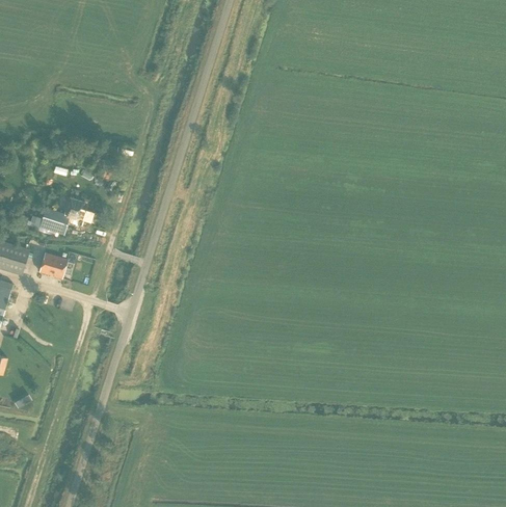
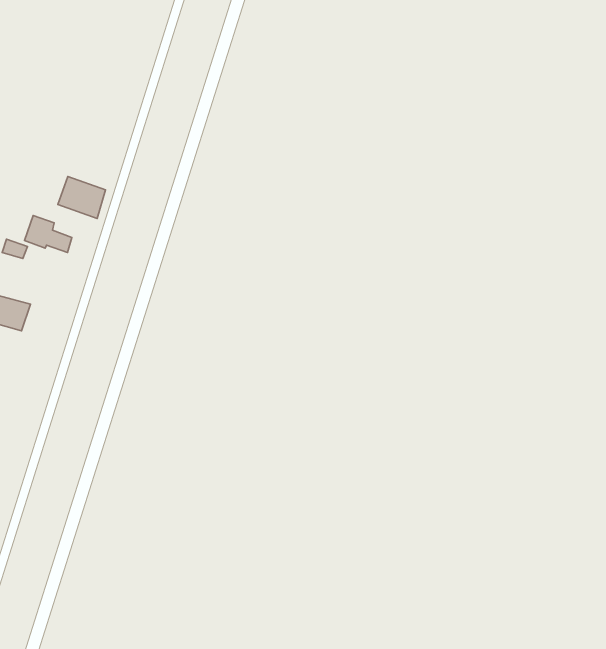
building: none -> [58,177,105,219]

